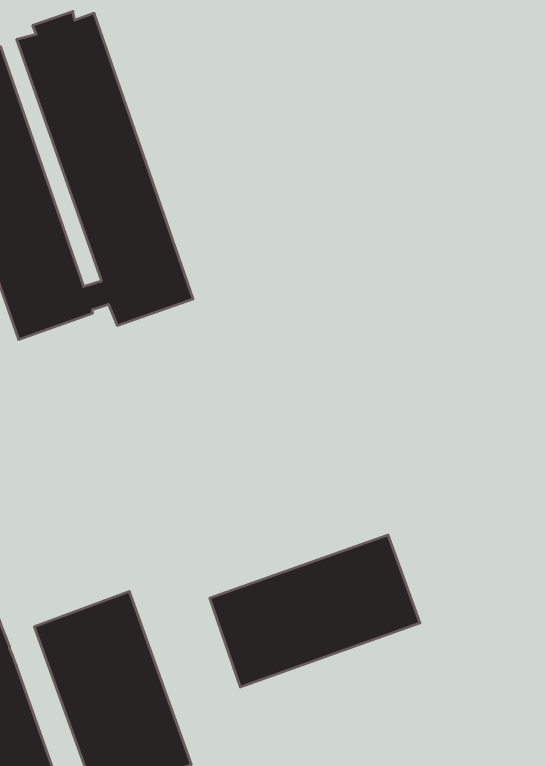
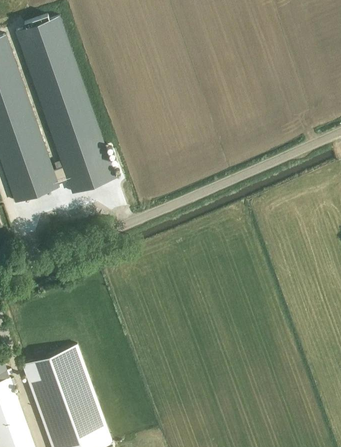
building: [210,535,420,687] -> none

